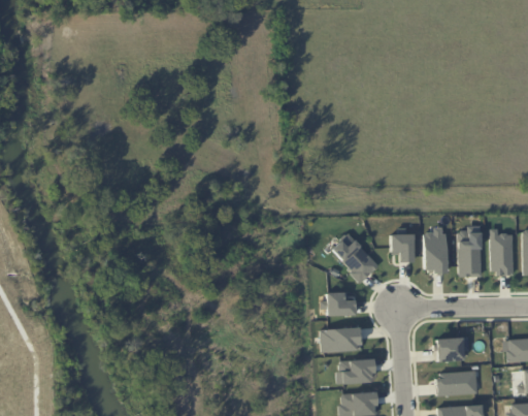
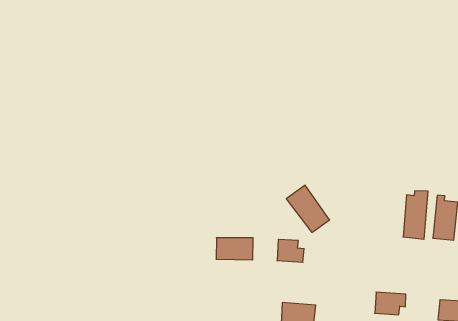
building: [424,227,447,274] -> none
building: [390,233,414,262] -> none
building: [320,326,361,353] -> [216,238,253,260]

